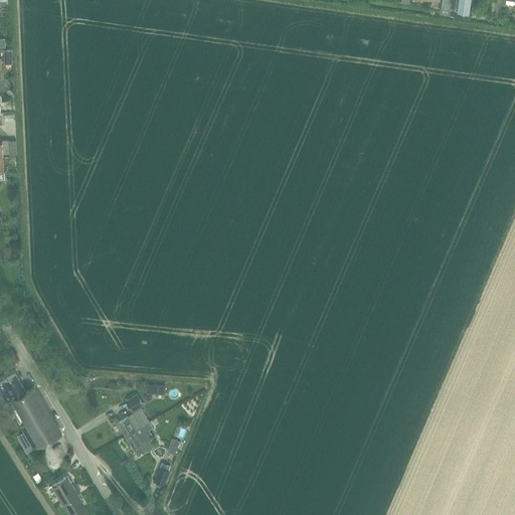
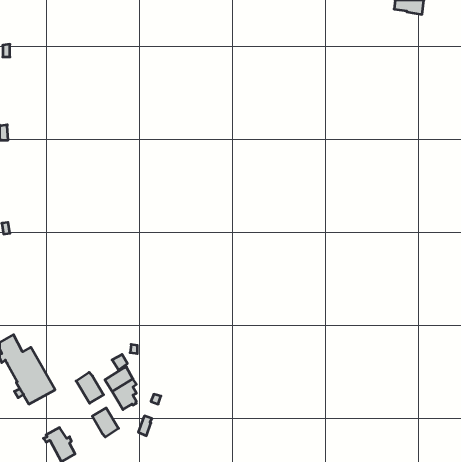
building: none -> [76,372,104,403]
building: none -> [92,408,119,437]

